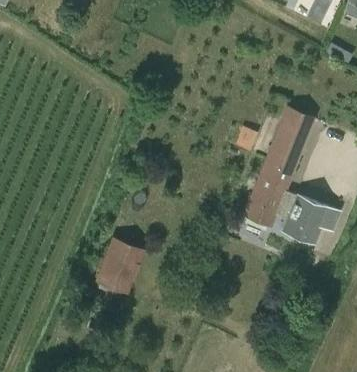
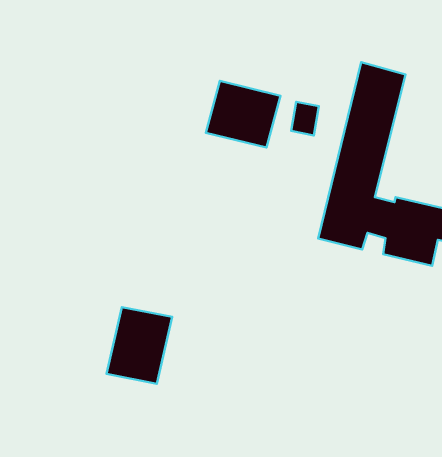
building: none -> [206,81,281,148]

